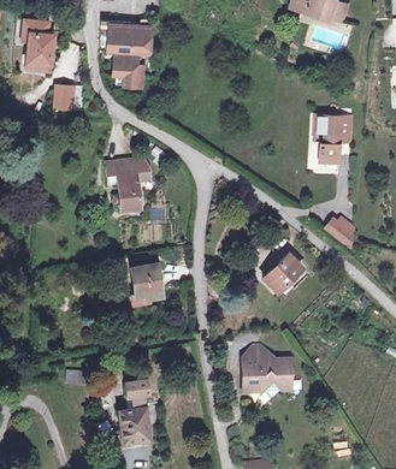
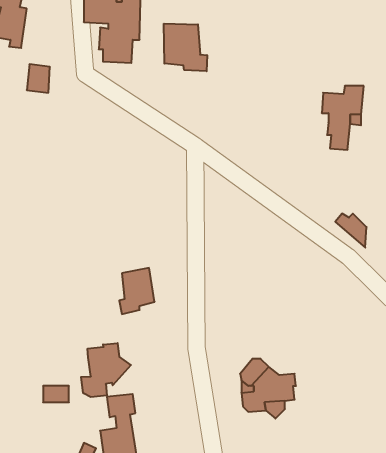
building: none -> [164,24,207,71]
building: [104,160,148,213] -> none
building: [261,256,299,296] -> none
building: none -> [81,343,131,397]

